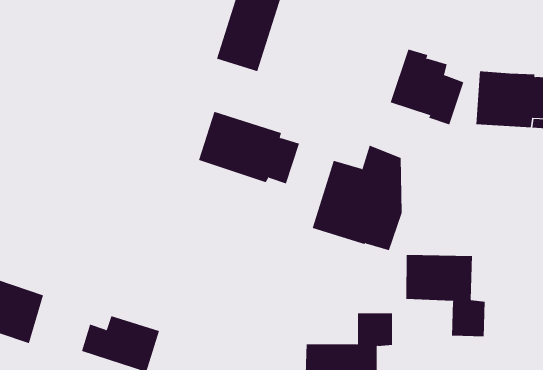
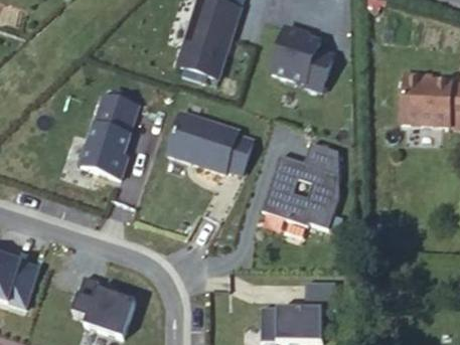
building: [390,49,464,125] -> [270,27,332,92]
building: none -> [79,95,156,186]
building: [406,254,485,337] -> none

